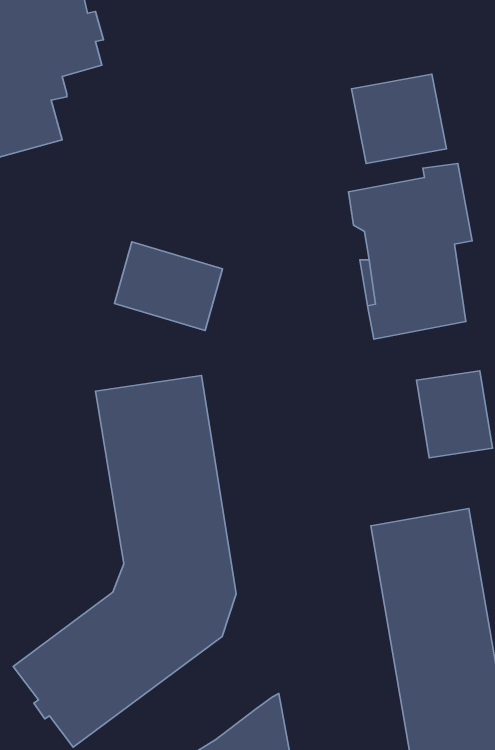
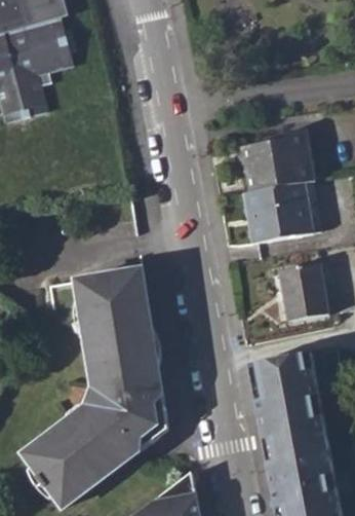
building: [352,74,446,164] -> none
building: [114,242,223,331] -> none

